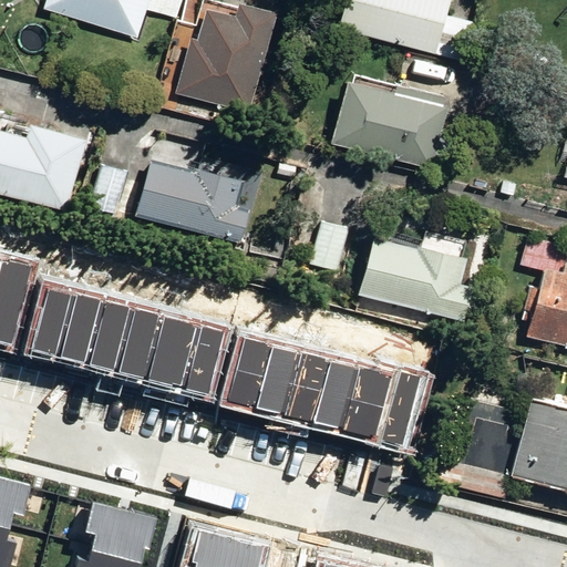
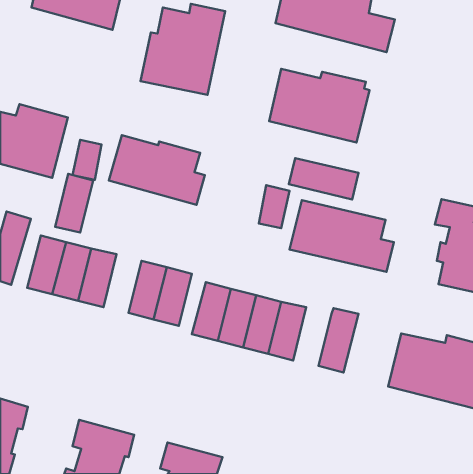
building: none -> [289,158,359,200]
building: [126,302,172,372] -> [55,174,93,233]
building: [352,365,398,435] -> none

